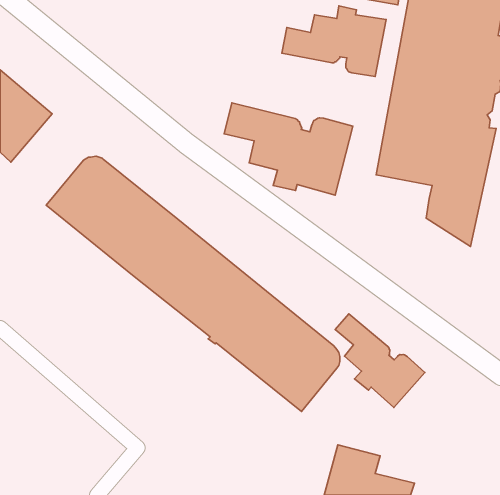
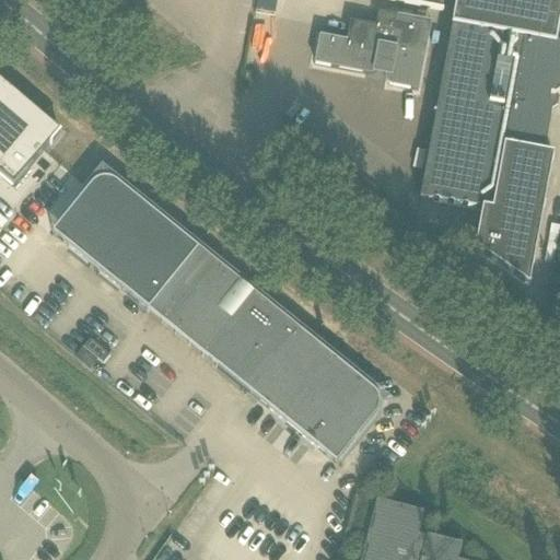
building: [224,103,353,195] -> none
building: [335,314,425,408] -> none

